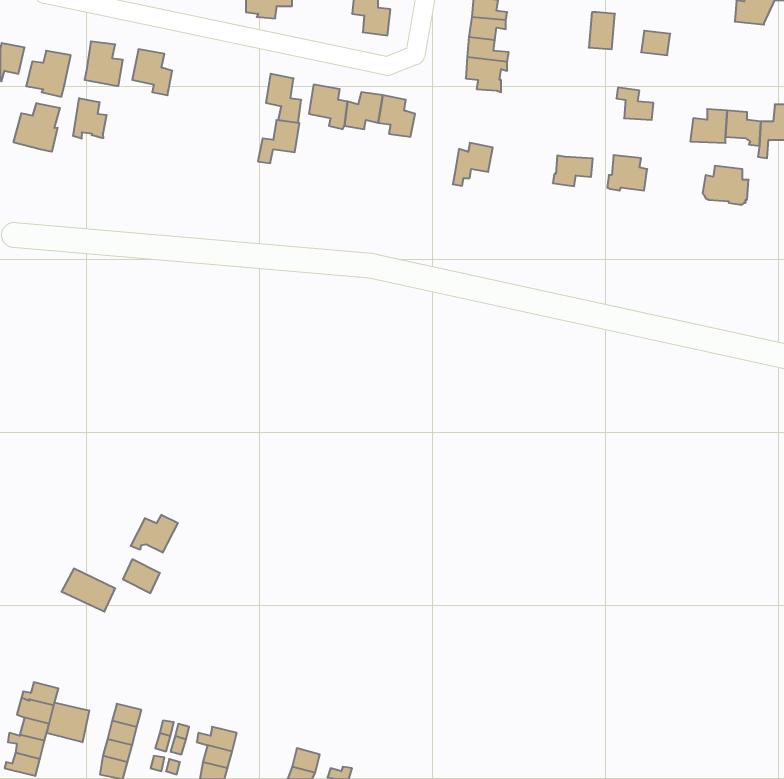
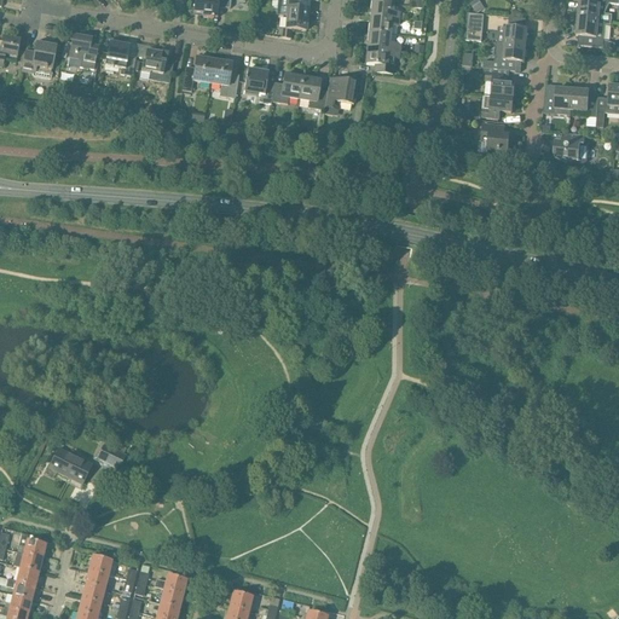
building: none -> [577,17,607,46]
building: none -> [485,40,526,68]
building: none -> [139,48,174,81]
building: [73,98,107,139] -> none
building: [14,103,60,152] -> none
building: [258,120,299,163] -> [181,56,214,89]
building: [453,143,493,186] -> [325,79,357,112]
building: [553,155,593,186] -> [482,92,514,116]
building: [131,515,178,553] -> none
building: [47,702,89,742] -> none

